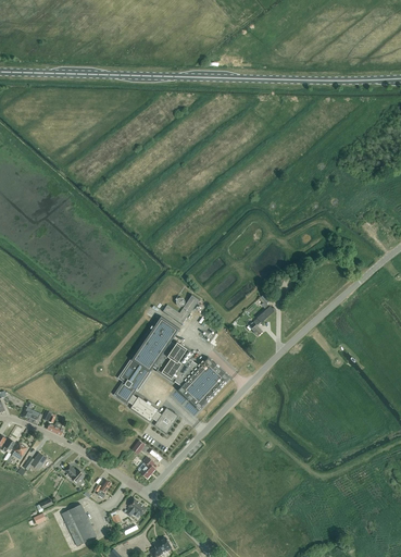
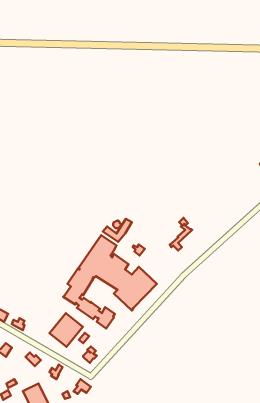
building: none -> [50,313,83,347]

